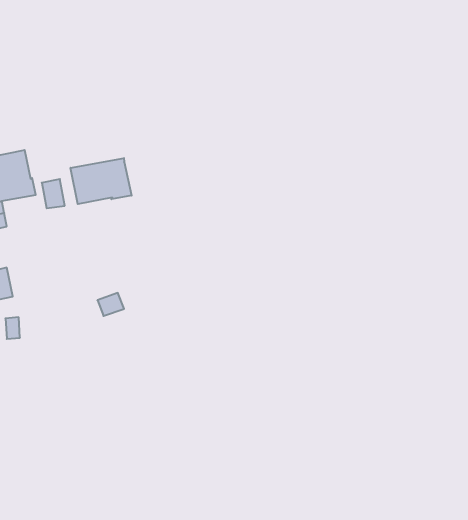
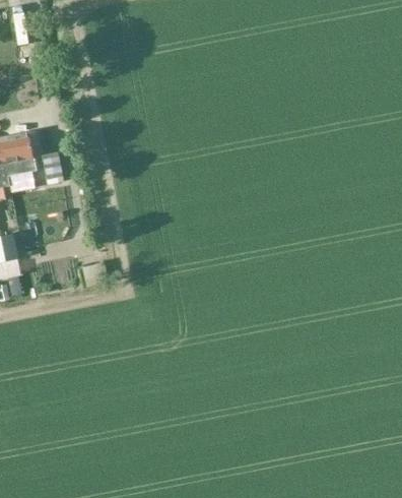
building: [71,158,132,204] -> none

